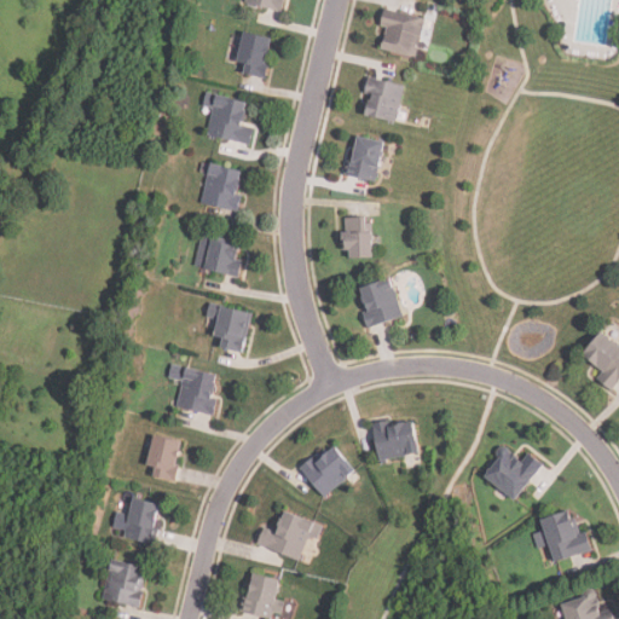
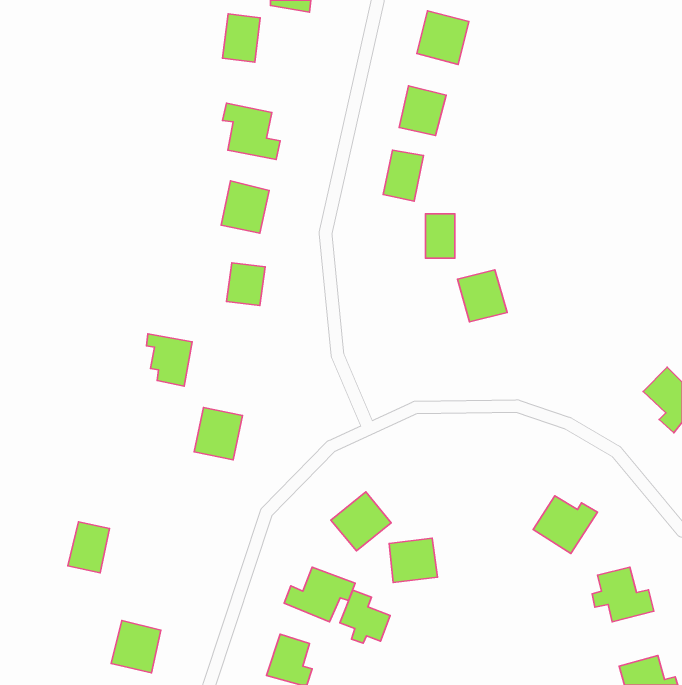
building: [236,33,270,76] -> [223,14,260,62]
building: [342,218,369,258] -> [425,214,455,258]
building: [355,279,400,326] -> [457,270,507,322]
building: [208,306,249,353] -> [147,334,192,386]
building: [372,420,416,459] -> [389,538,437,582]
building: [144,435,180,479] -> none
building: [122,498,160,544] -> [68,522,109,573]
building: none -> [340,590,390,643]

